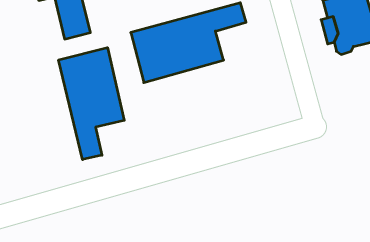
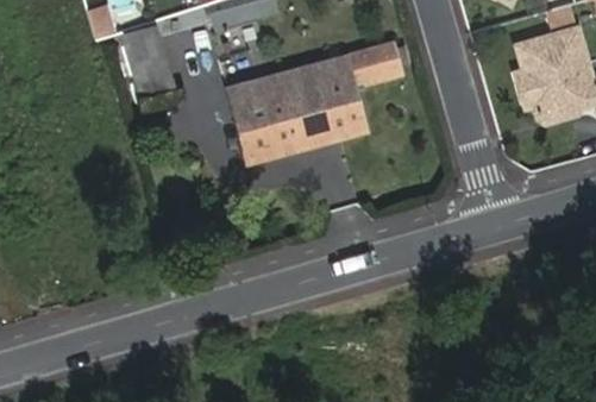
building: [59,48,124,160] -> none

